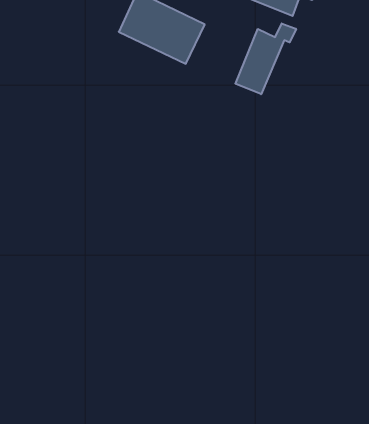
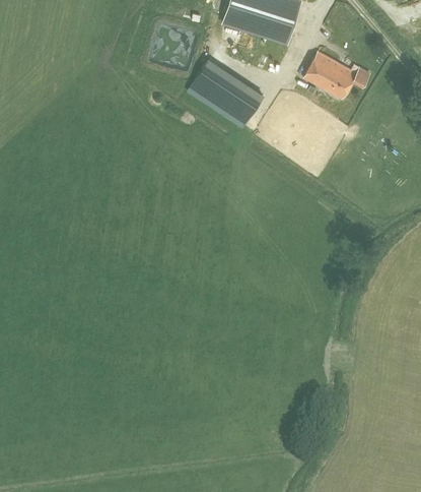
building: [235,23,296,94] -> none

